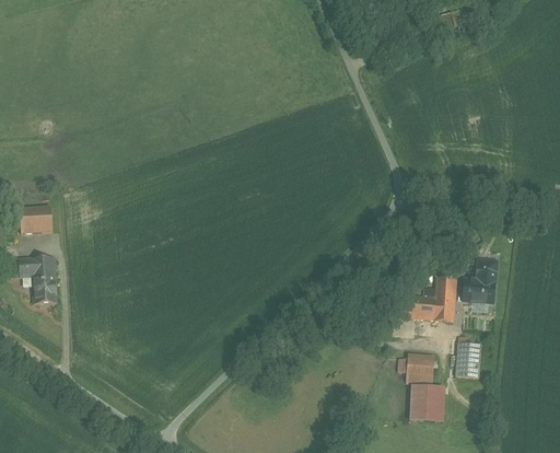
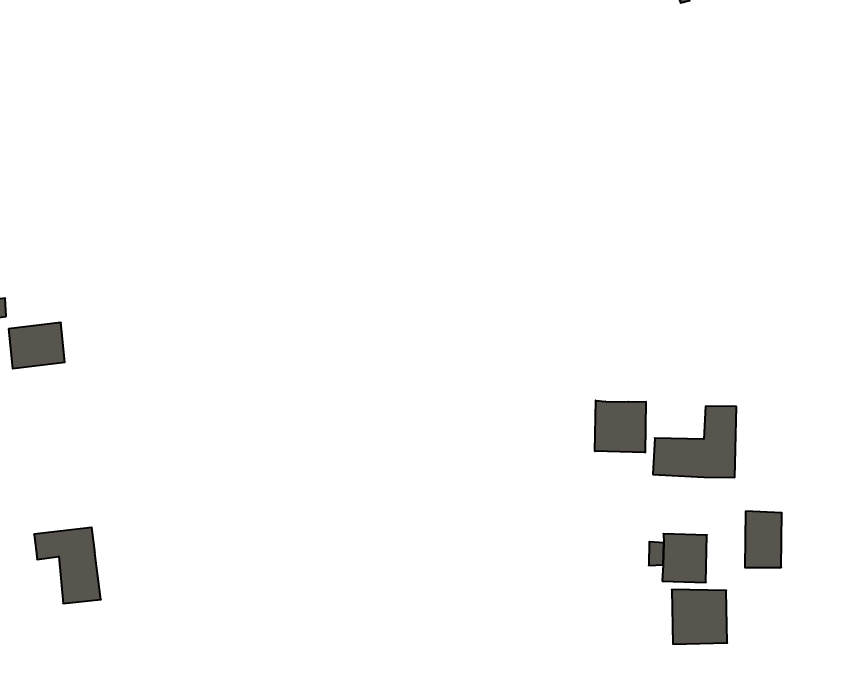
building: [18,258,56,303] -> [34,527,101,603]
building: [463,259,495,302] -> none
building: none -> [595,400,646,453]

